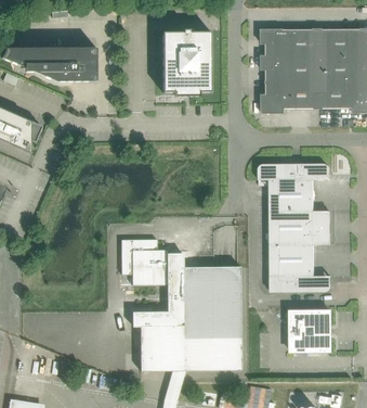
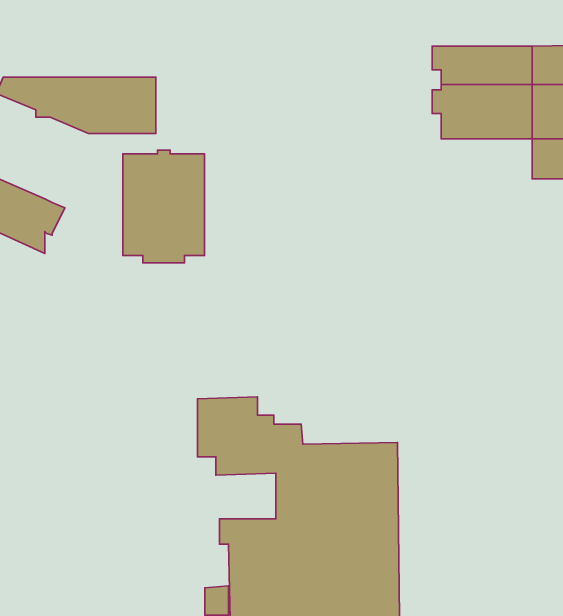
building: [161,29,210,97] -> [123,150,205,263]
building: [261,85,319,113] -> none
building: [258,164,329,292] -> none
building: [289,310,329,352] -> none

